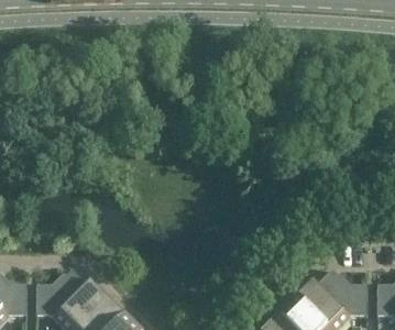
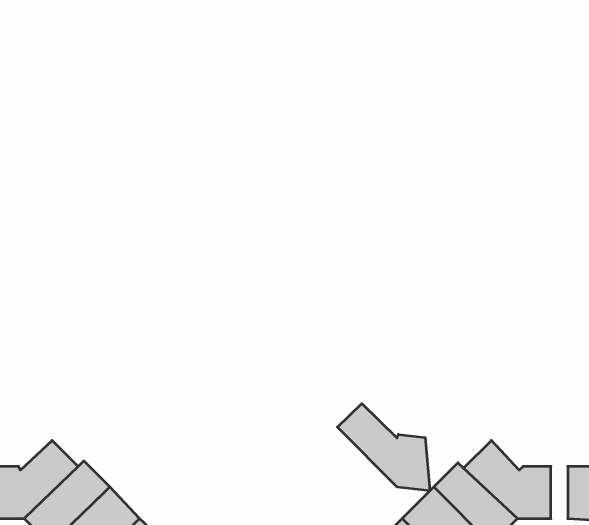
building: none -> [337,404,430,491]

